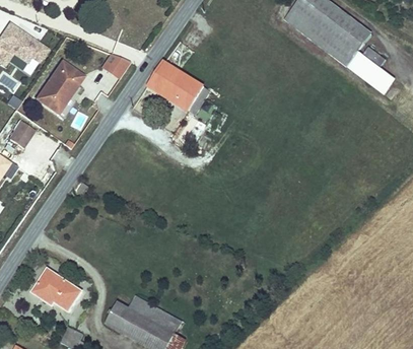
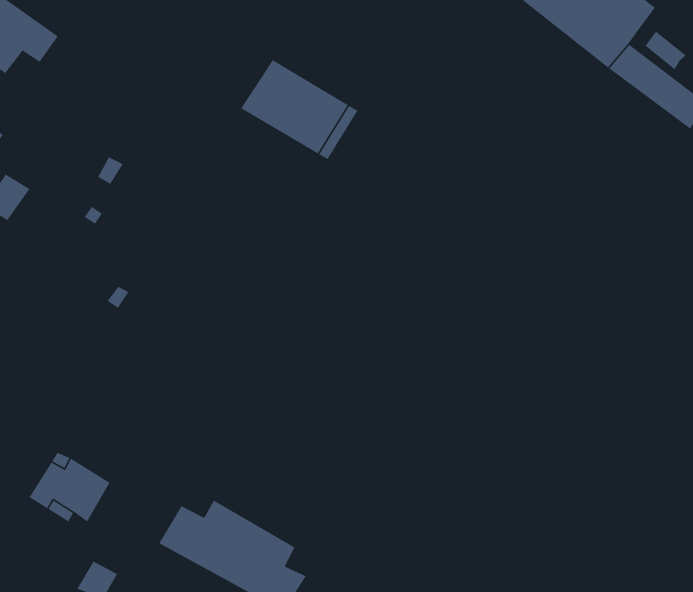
building: [100,53,130,78] -> none
building: [38,61,83,112] -> none

